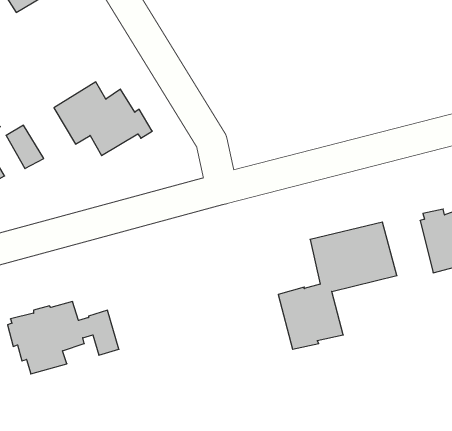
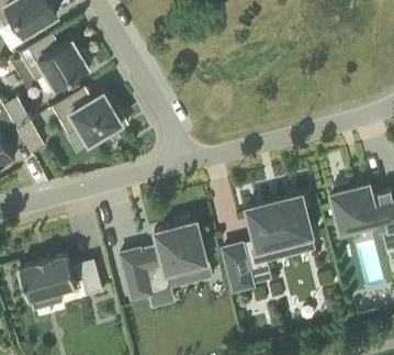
building: none -> [20,34,91,91]
building: none -> [120,218,207,308]

